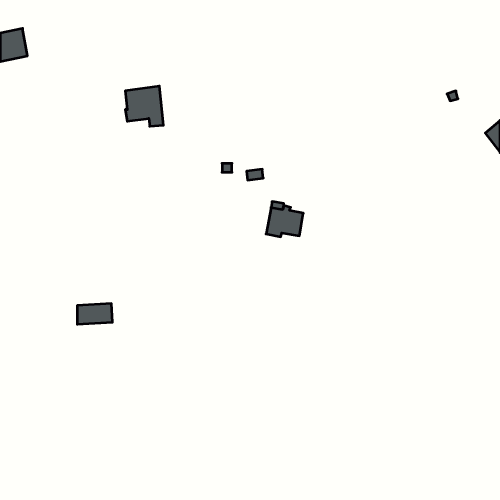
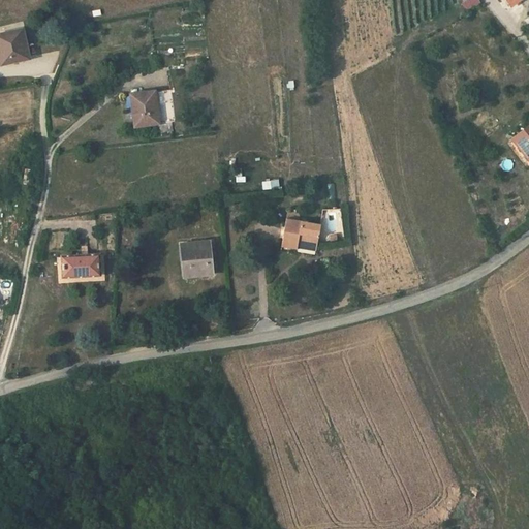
building: none -> [182,243,212,277]
building: [77,304,112,324] -> [62,255,99,277]

